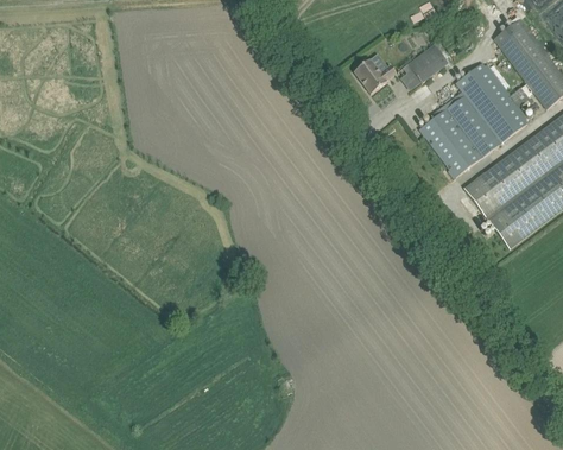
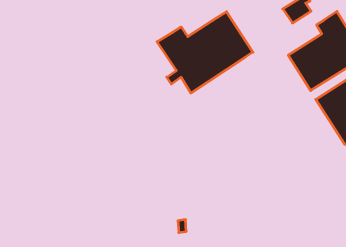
building: [354,58,396,93] -> none
building: none -> [157,12,253,93]

